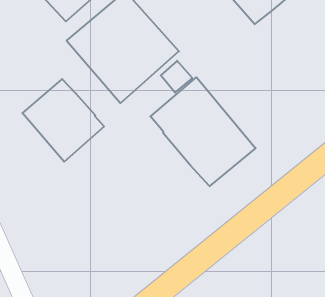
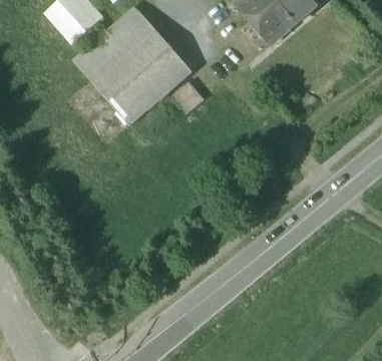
building: [150,77,256,186] -> none
building: [22,79,104,162] -> none

